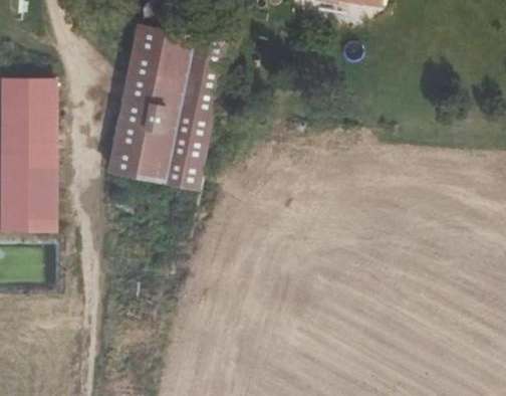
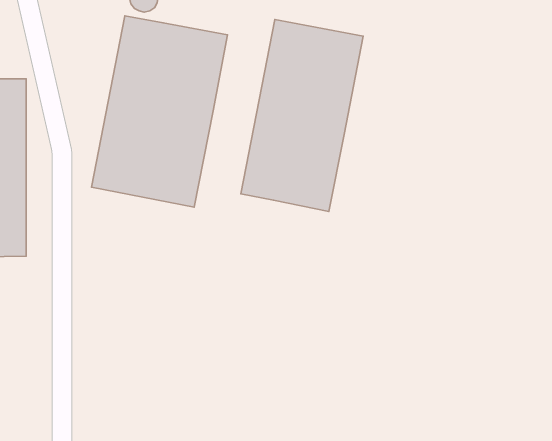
building: none -> [241,19,363,212]

